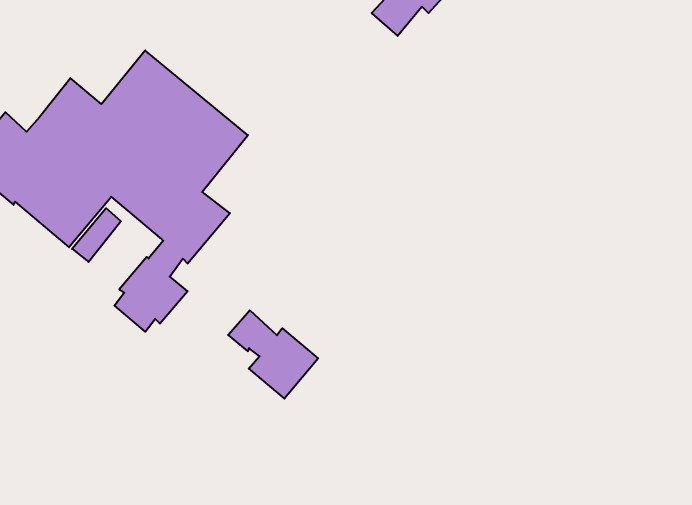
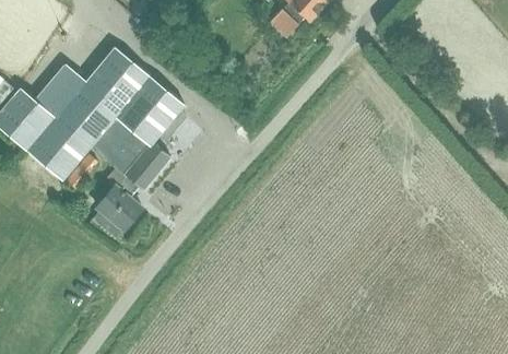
building: [228,310,318,399] -> none

